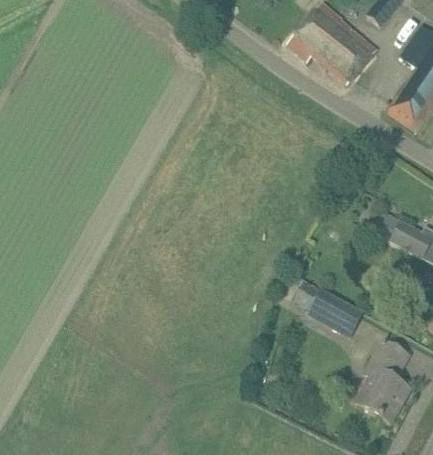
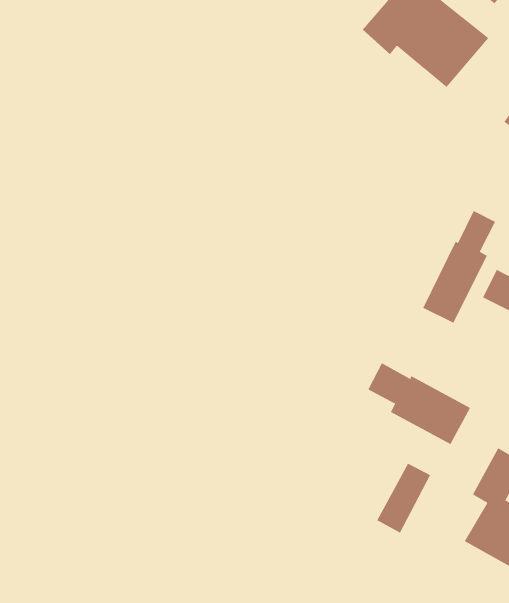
building: none -> [422,210,496,323]
building: none -> [376,463,431,533]

